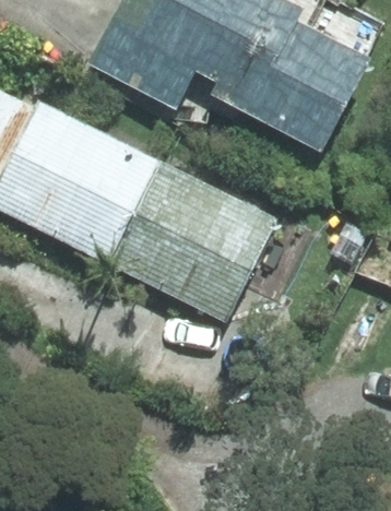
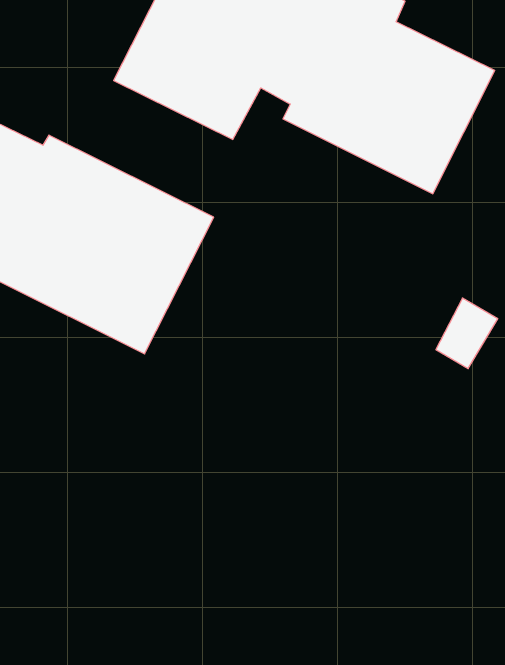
building: [111,164,279,324] -> none

